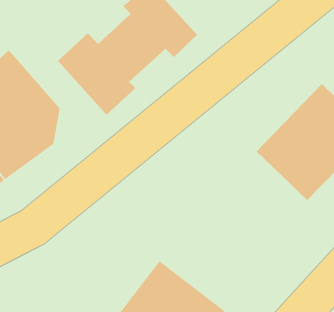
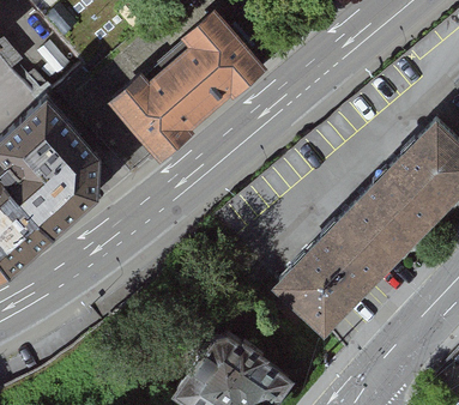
building: none -> [246,203,389,347]

